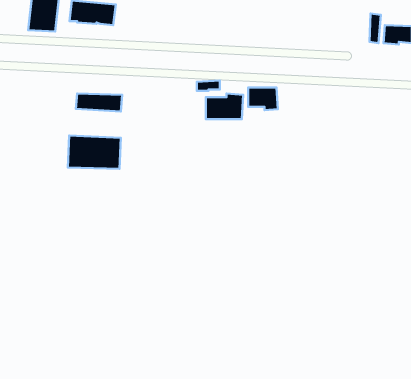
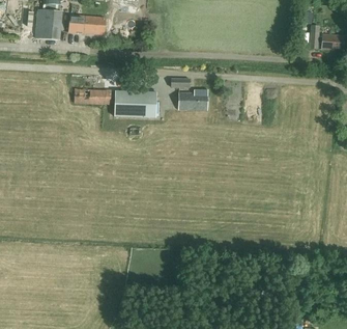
building: [248,88,278,110] -> none
building: [68,135,121,169] -> [114,90,156,117]

